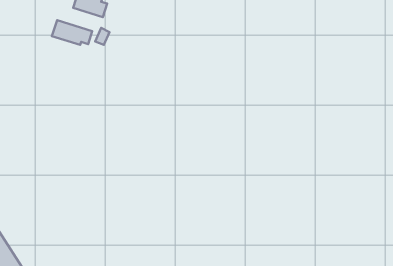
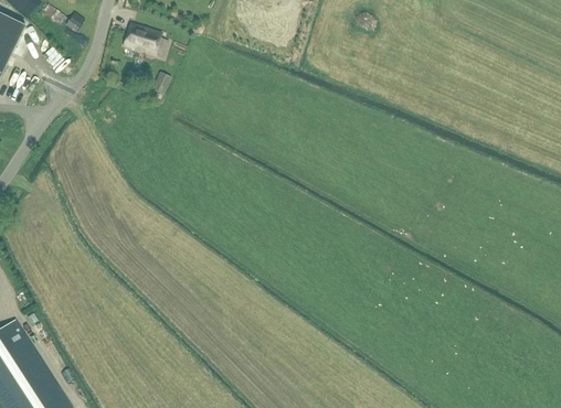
building: [52,20,92,45] -> none

